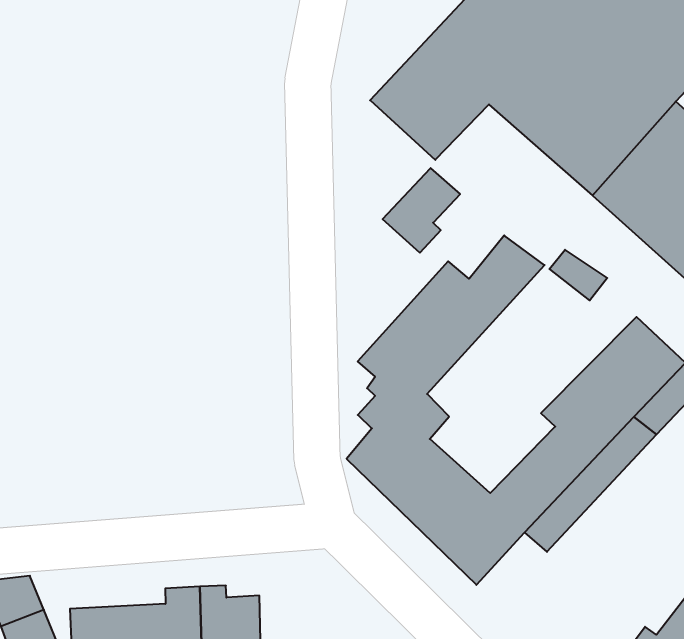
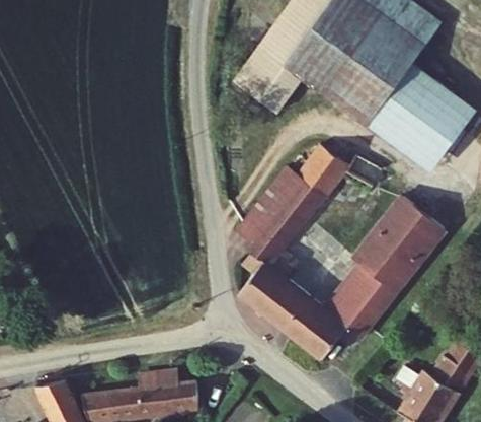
building: [383,168,460,253] -> none

